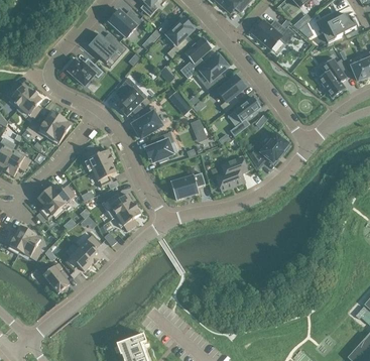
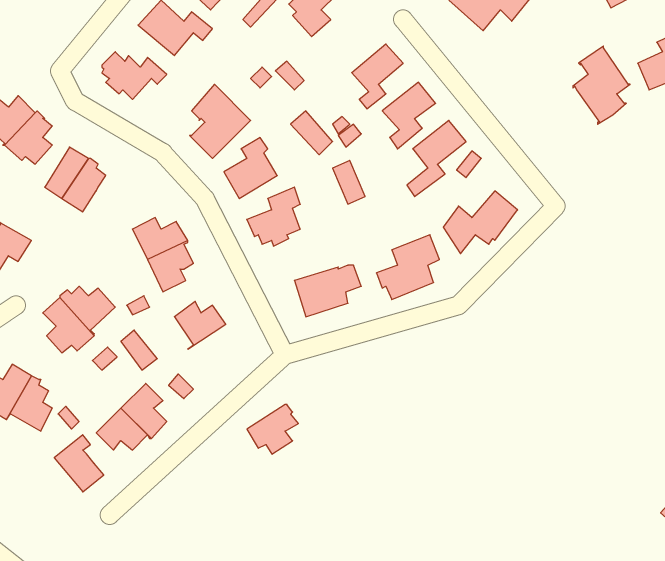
building: [179,36,211,78] -> none
building: [113,204,140,230] -> [247,404,298,454]

